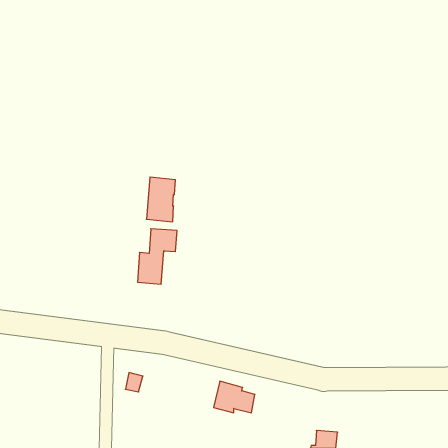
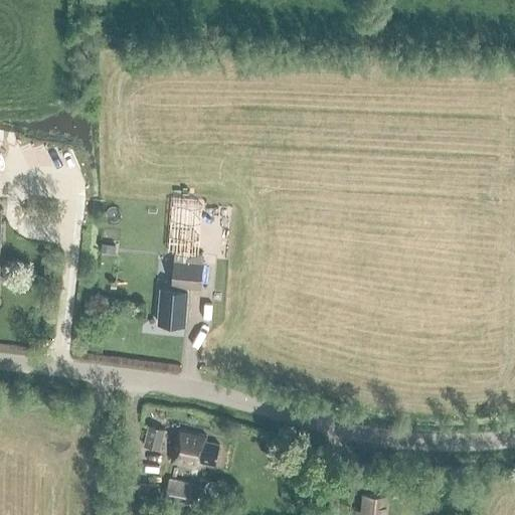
building: [214,381,255,413] -> [172,430,219,466]
building: none -> [164,480,198,505]

